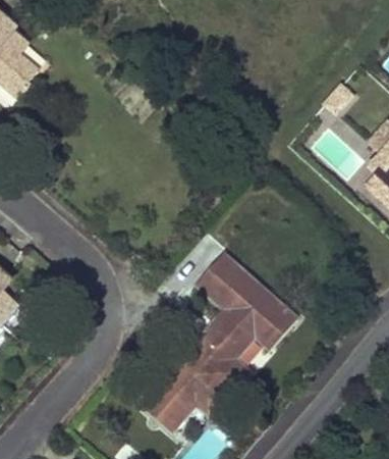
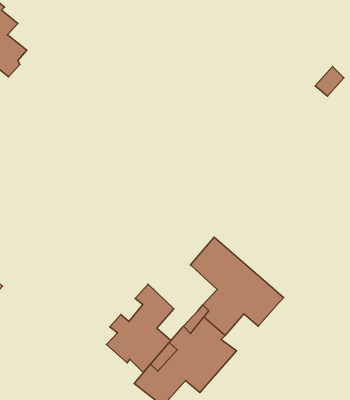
building: none -> [107,284,174,372]

